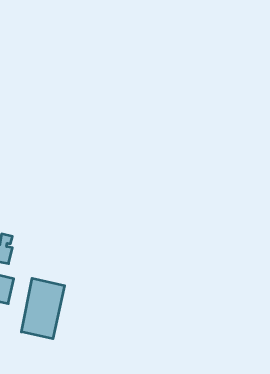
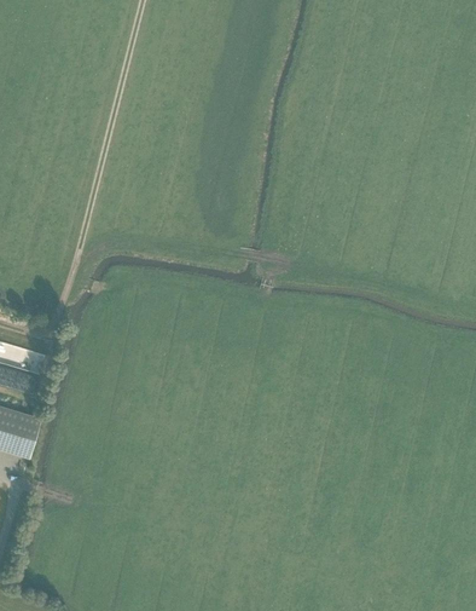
building: [21,278,65,339] -> none

